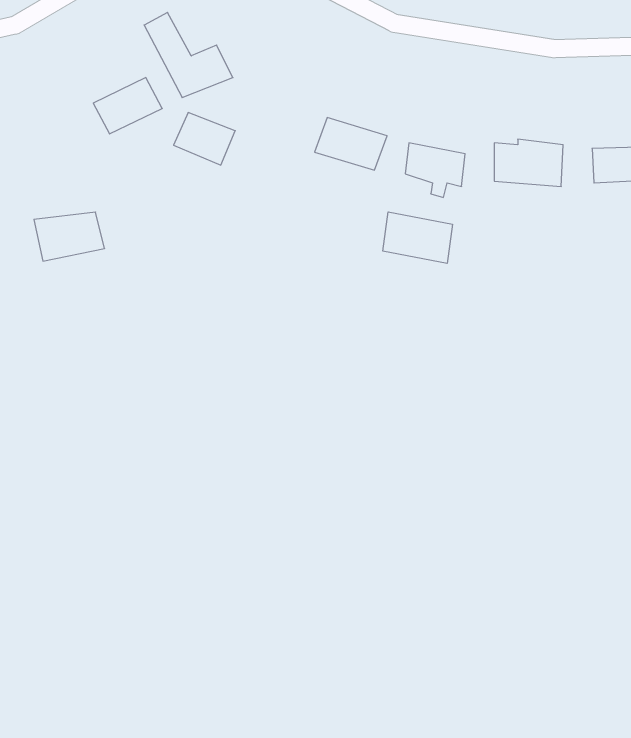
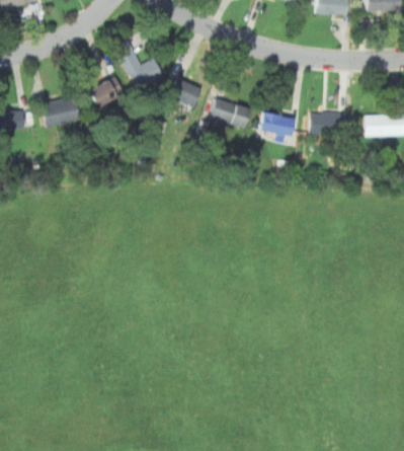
building: [174,113,235,165] -> [168,79,203,108]
building: [383,212,452,263] -> none
building: [34,212,105,261] -> [41,99,80,127]

